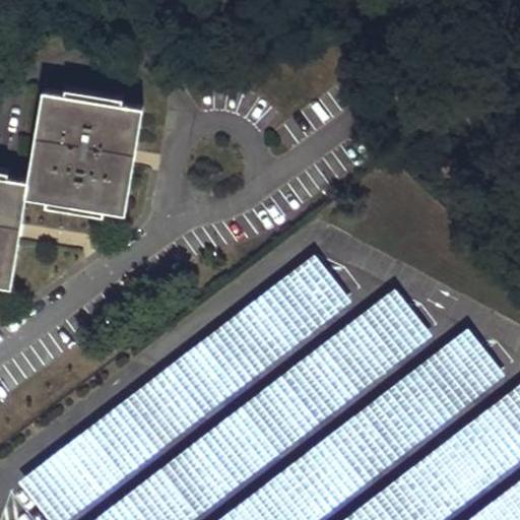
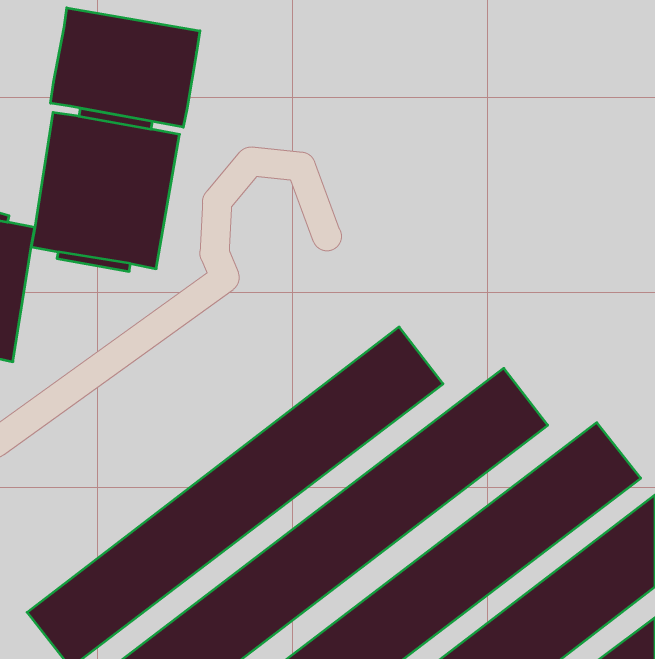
building: none -> [51,8,200,127]

